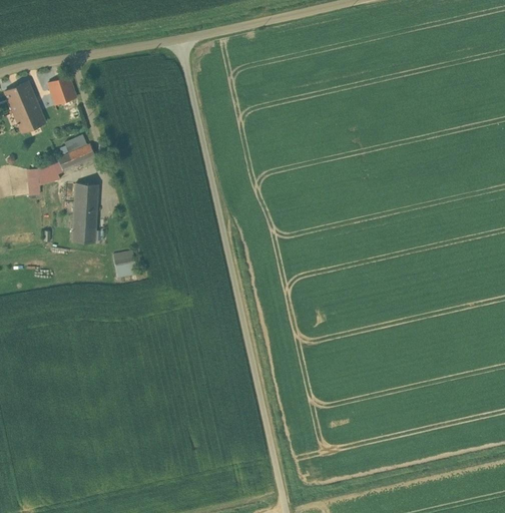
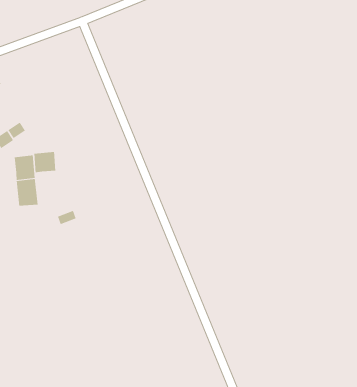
building: none -> [34,151,56,173]

